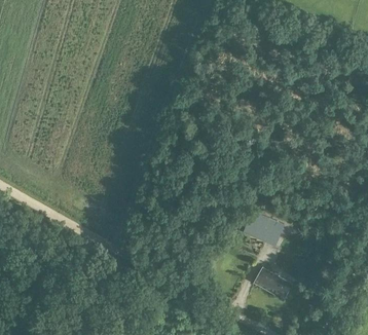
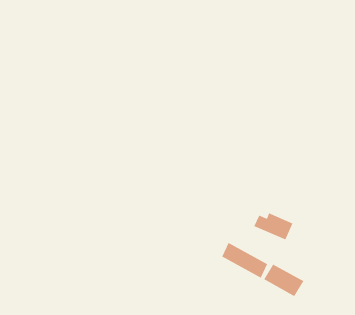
building: none -> [221,242,268,279]

